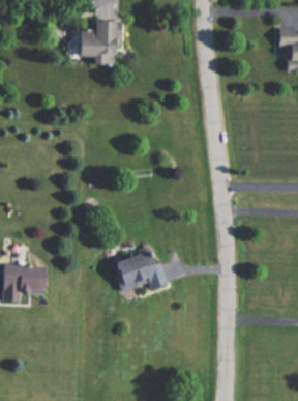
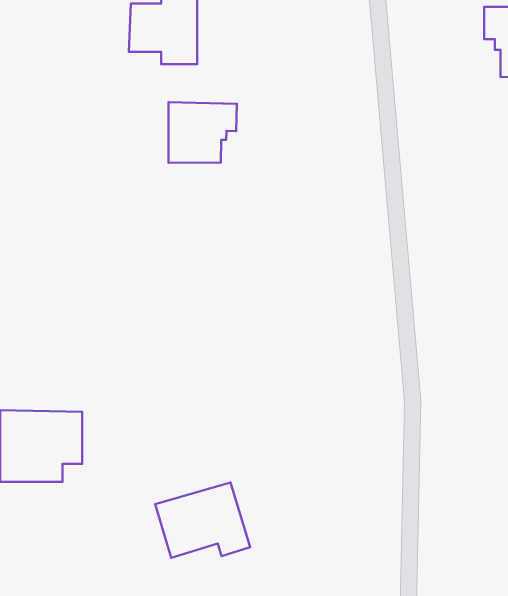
building: none -> [168,102,237,163]
building: [115,248,170,291] -> [155,483,250,558]

